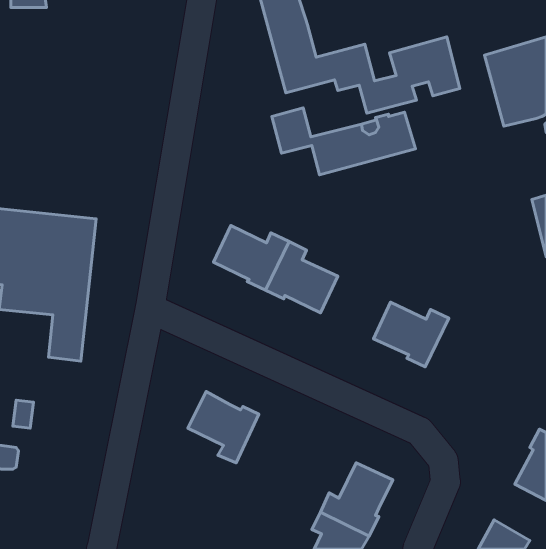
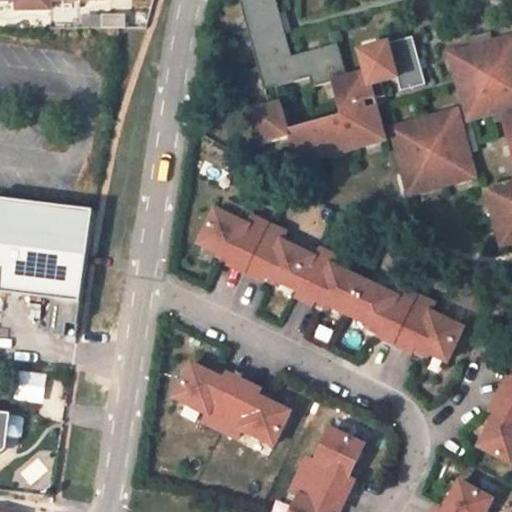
building: none -> [389,105,474,191]
building: none -> [296,248,362,314]
building: none -> [394,295,461,361]
building: none -> [219,384,290,446]

